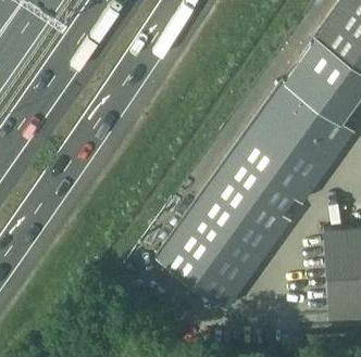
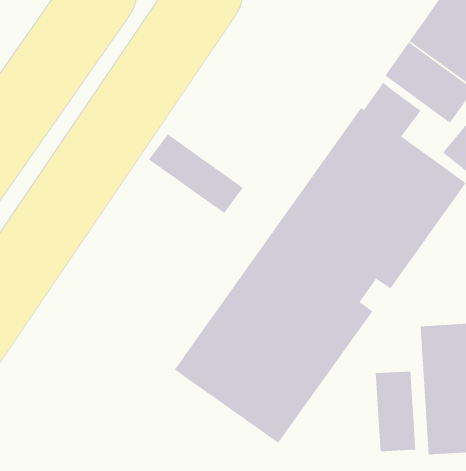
building: none -> [148,133,244,214]
building: none -> [375,371,416,452]

